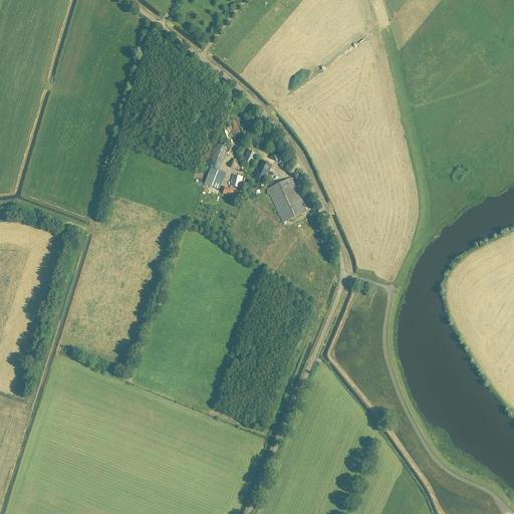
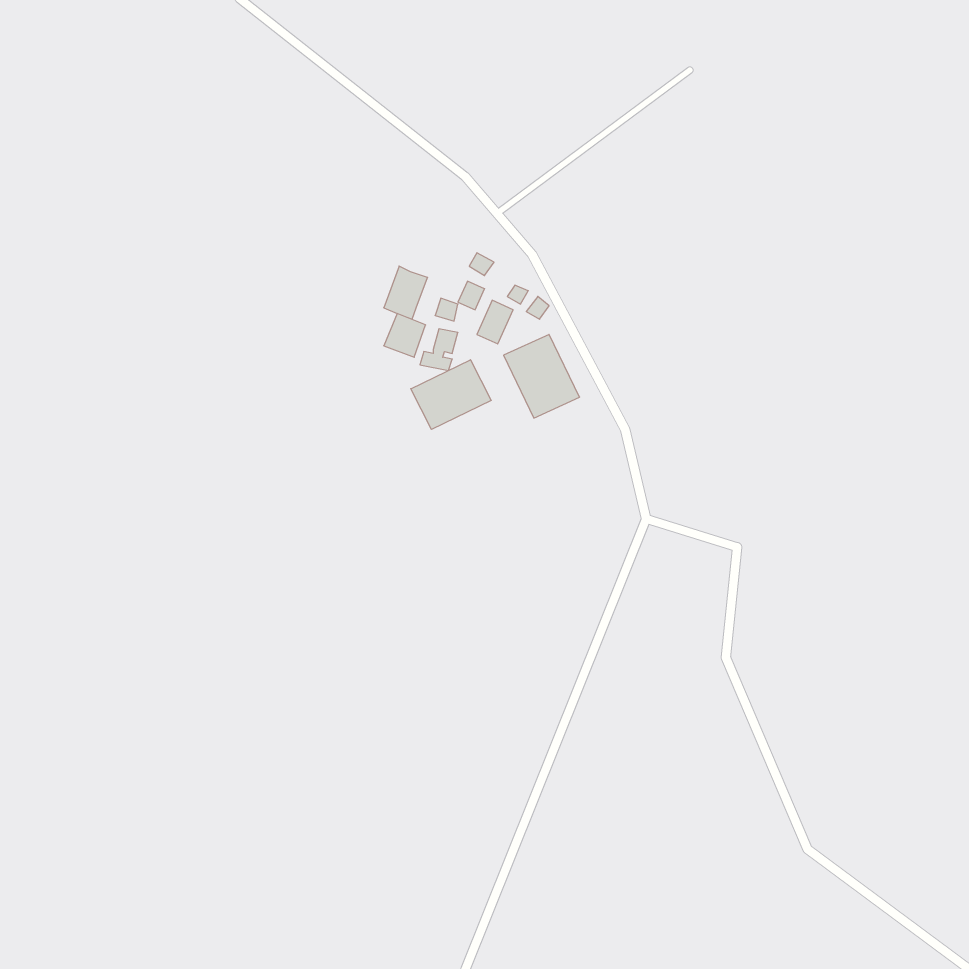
building: none -> [411,360,491,429]

